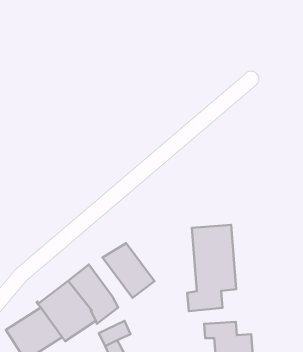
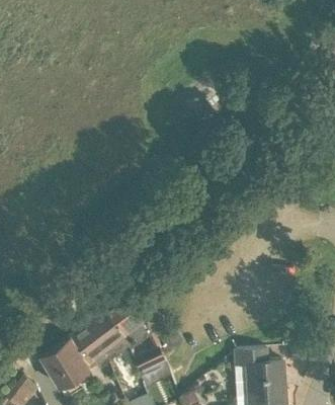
building: [187,225,236,311] -> none
building: [103,243,154,298] -> none

